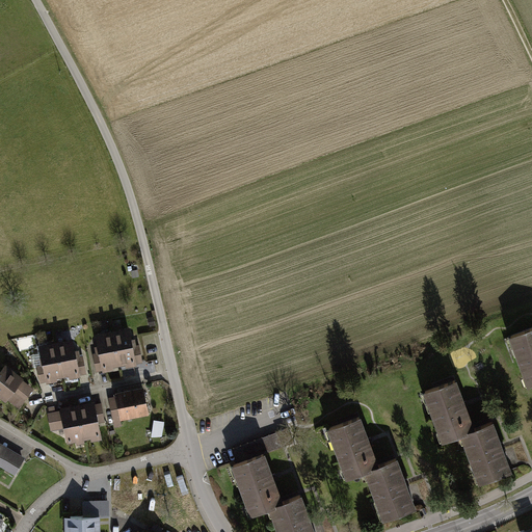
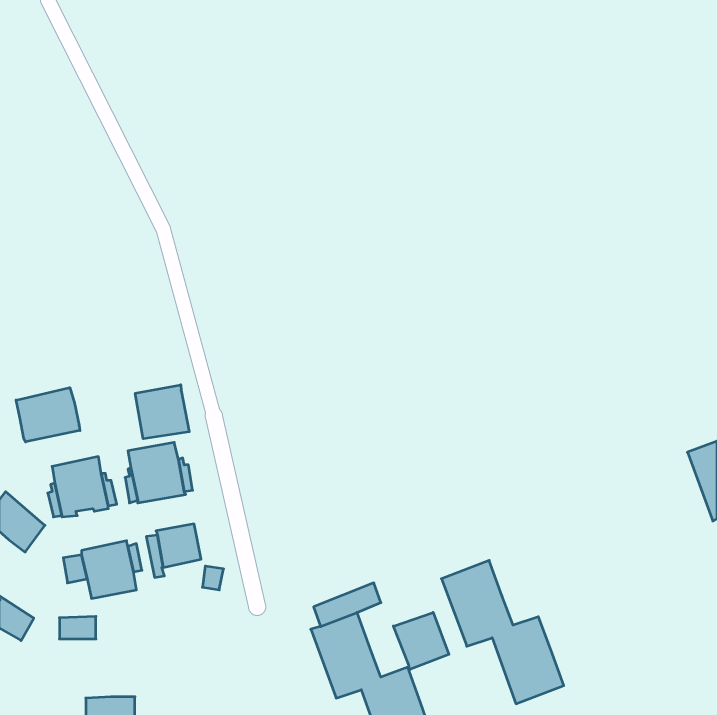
building: none -> [135,385,189,439]
building: none -> [16,388,80,442]
building: [422,381,512,484] -> none
building: none -> [393,612,449,670]
building: [82,501,109,517] -> [59,616,96,639]

